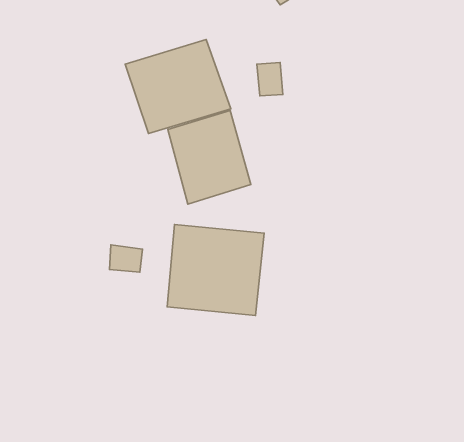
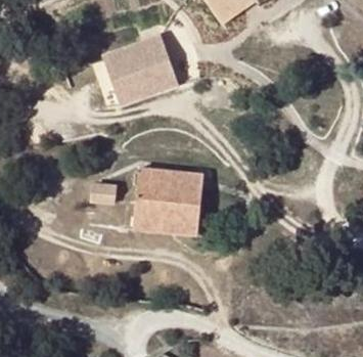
building: [168,110,251,204] -> none

